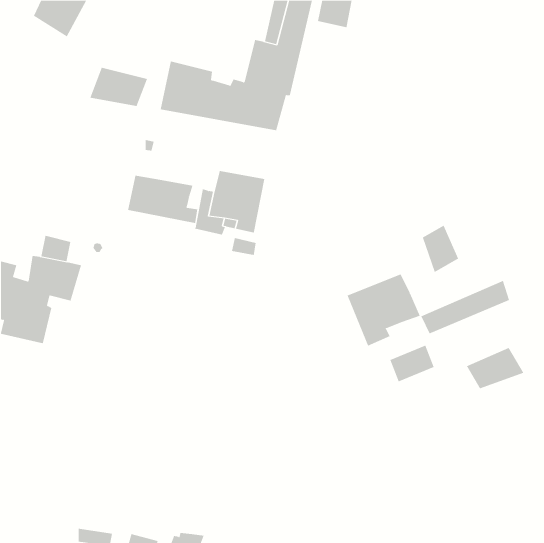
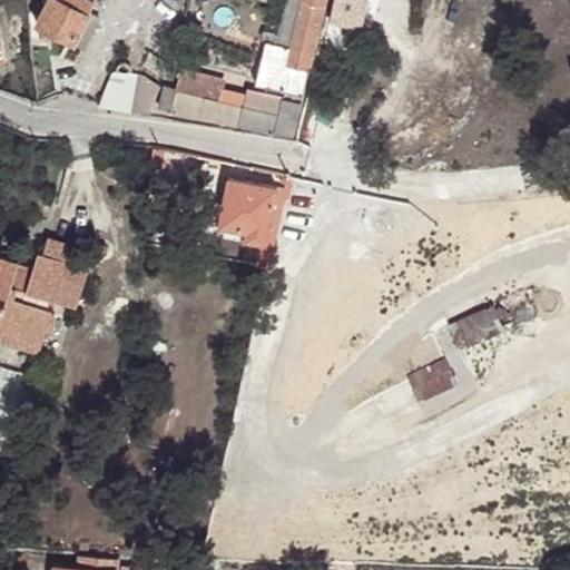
building: [128,175,198,224] -> none
building: [422,225,459,273] -> none
building: [347,274,421,346] -> none
building: [466,347,524,389] -> none

